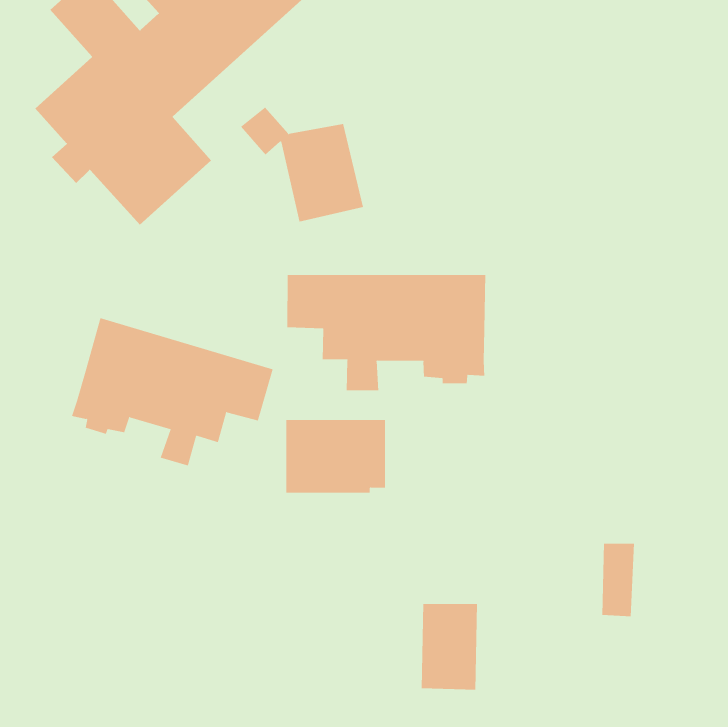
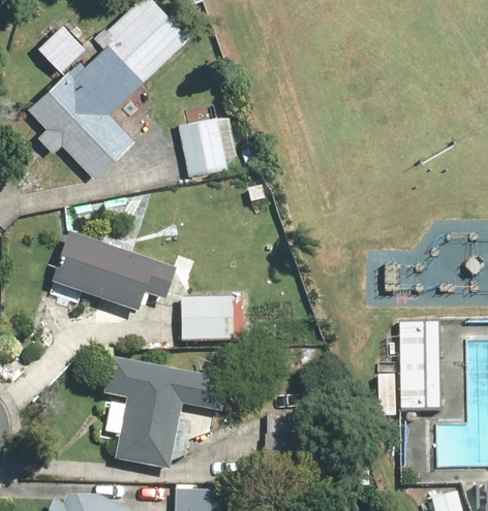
building: [287,274,486,391] -> none
building: none -> [399,319,438,413]
building: none -> [103,359,226,468]

